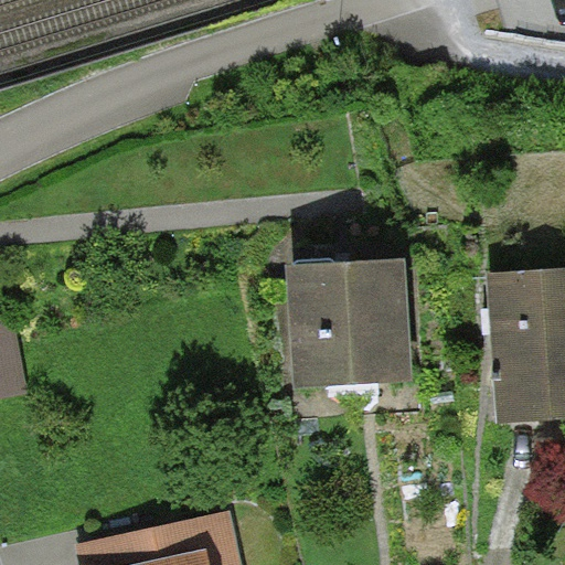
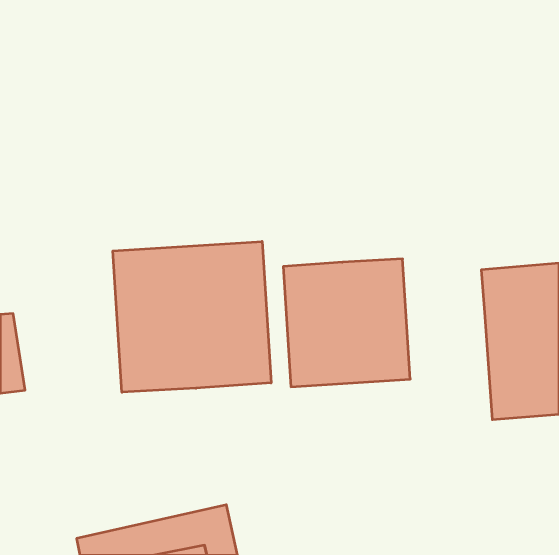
building: none -> [113,241,271,392]

